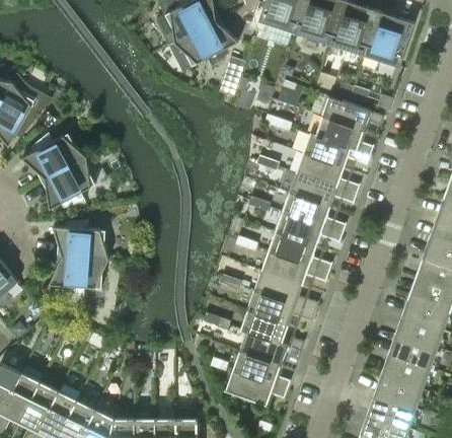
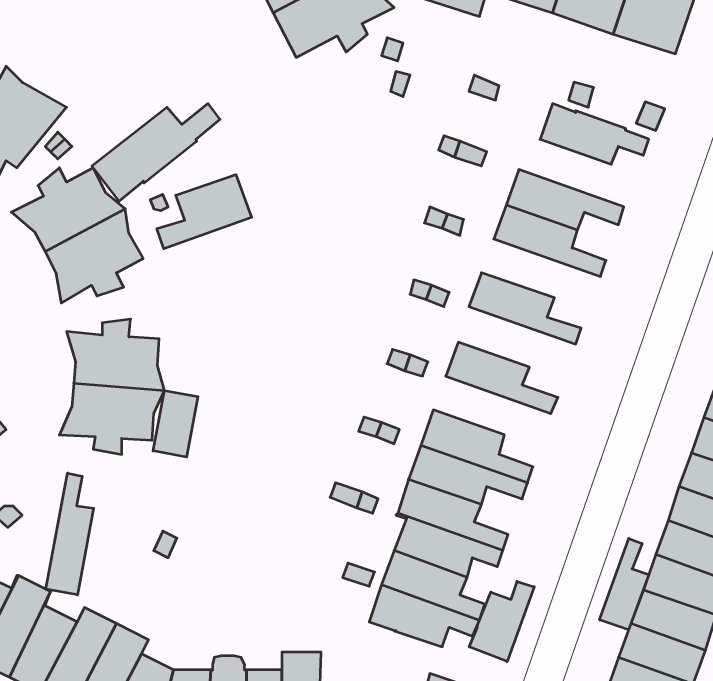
building: none -> [92,104,220,201]
building: [310,117,374,155] -> none
building: none -> [157,175,252,249]
building: [280,170,357,207] -> none
building: [276,212,343,246] -> none
building: [261,251,328,285] -> none
building: none -> [153,390,198,457]
building: none -> [46,473,94,595]
building: none -> [600,538,649,630]
building: none -> [469,581,534,662]

